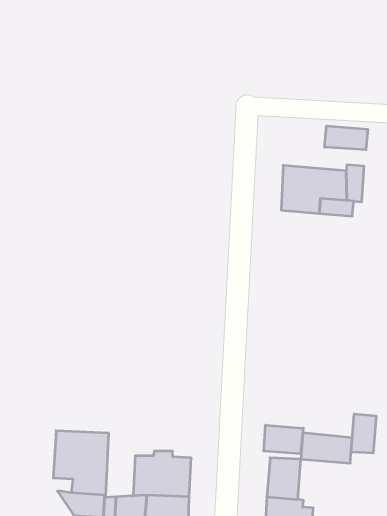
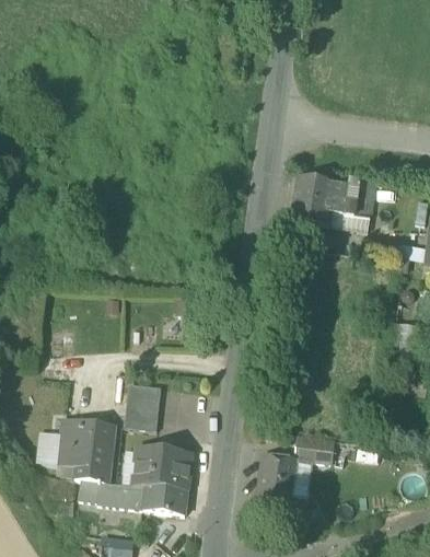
building: [325,126,368,150] -> none
building: none -> [125,383,160,429]
building: [351,414,376,453] -> none
building: [264,425,303,454] -> none

